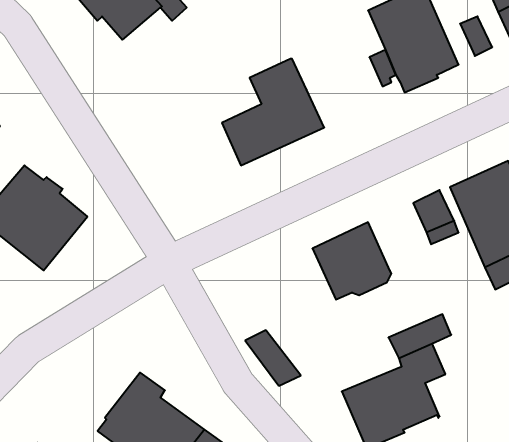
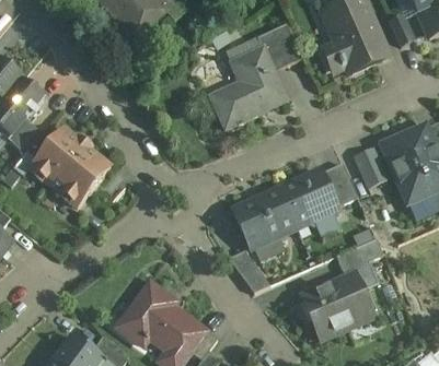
building: none -> [257,22,303,70]
building: none -> [322,162,358,205]
building: none -> [234,189,297,247]

